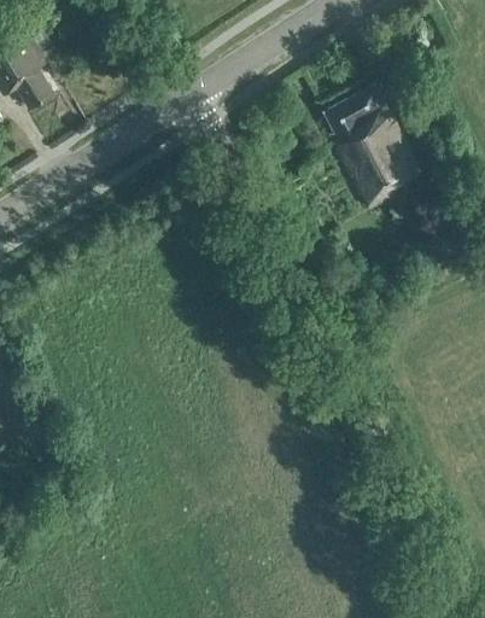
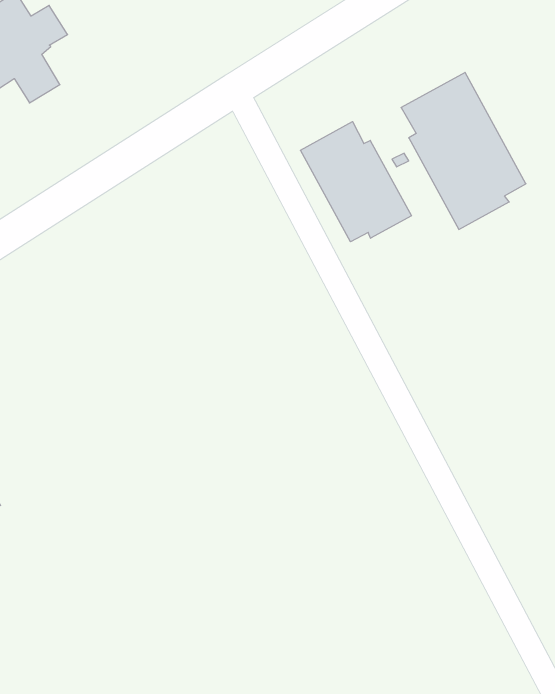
building: none -> [300,122,411,242]

